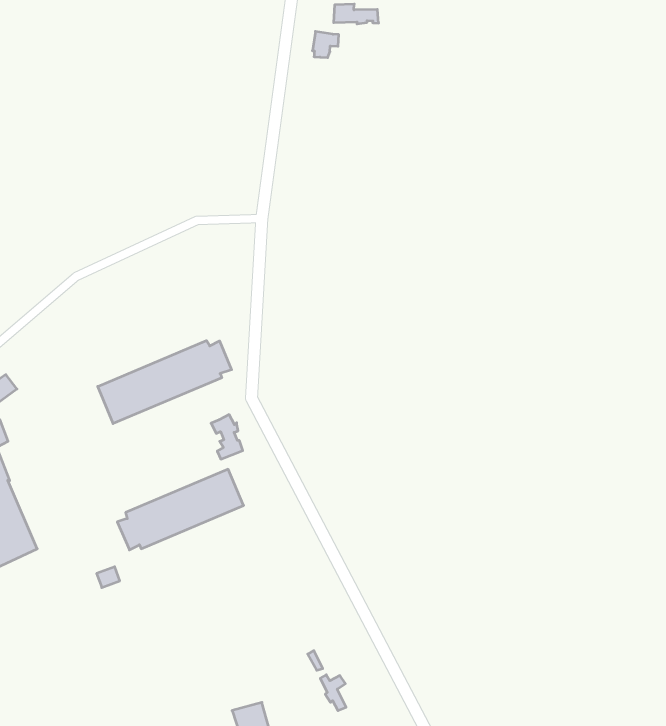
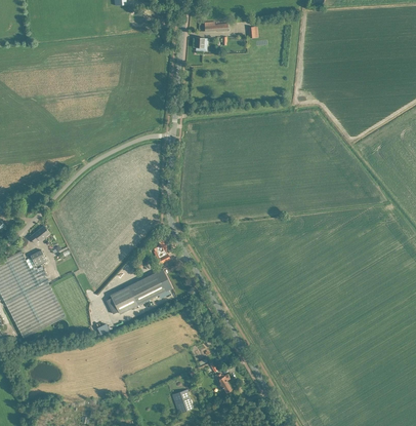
building: [98,341,232,424] -> none

